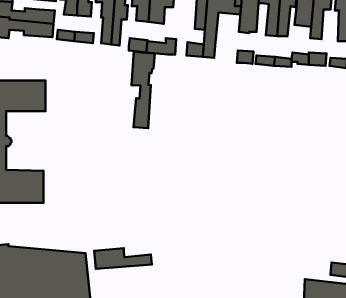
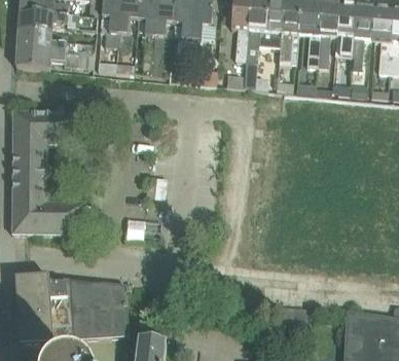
building: [132,51,155,128] -> none
building: [94,248,152,269] -> none

